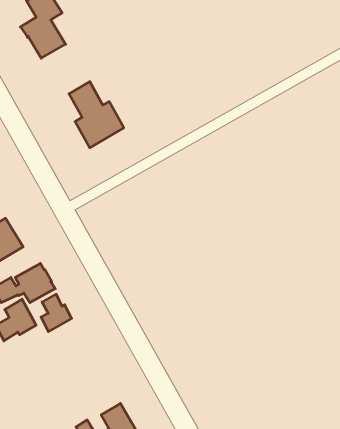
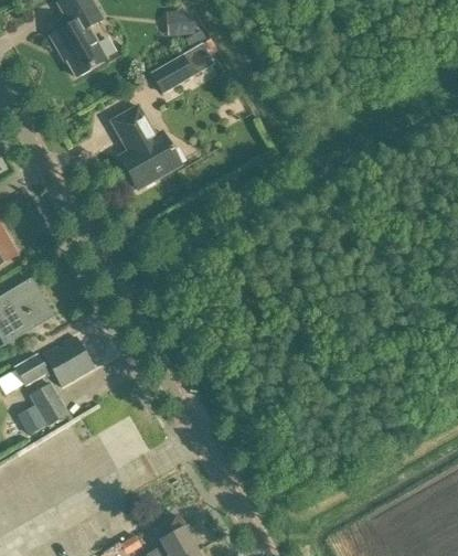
building: none -> [166,10,193,35]
building: none -> [149,42,213,94]
building: [41,294,72,332] -> none

